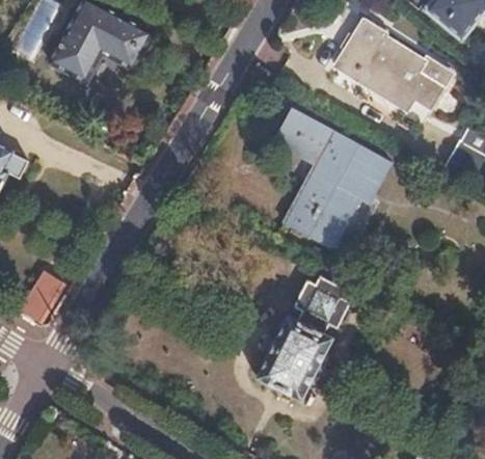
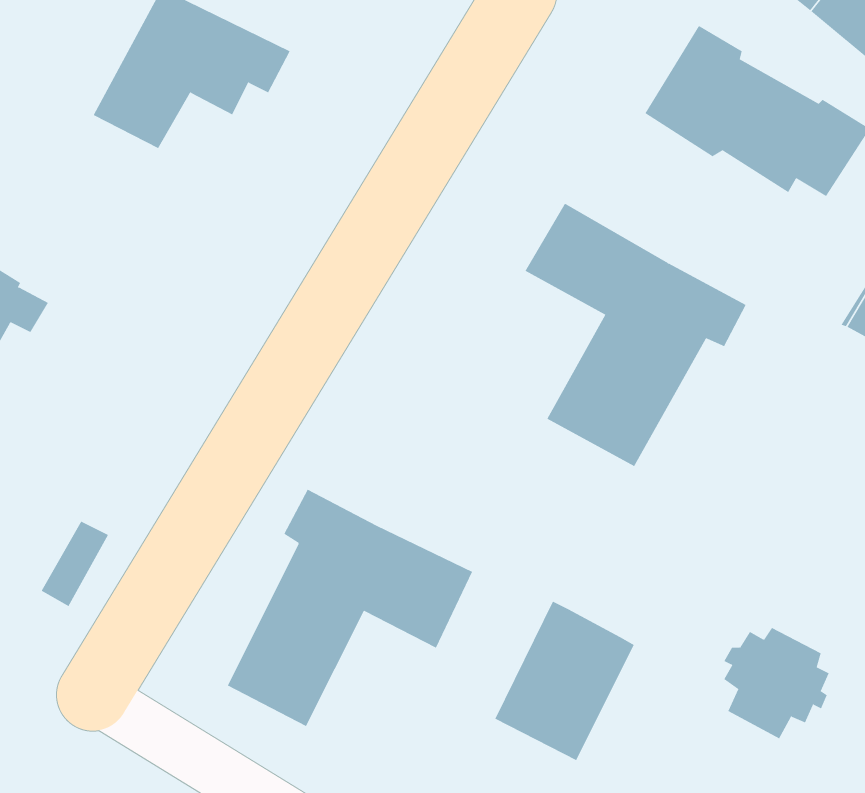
building: none -> [227,489,473,727]
building: [295,277,350,335] -> [723,627,829,739]

